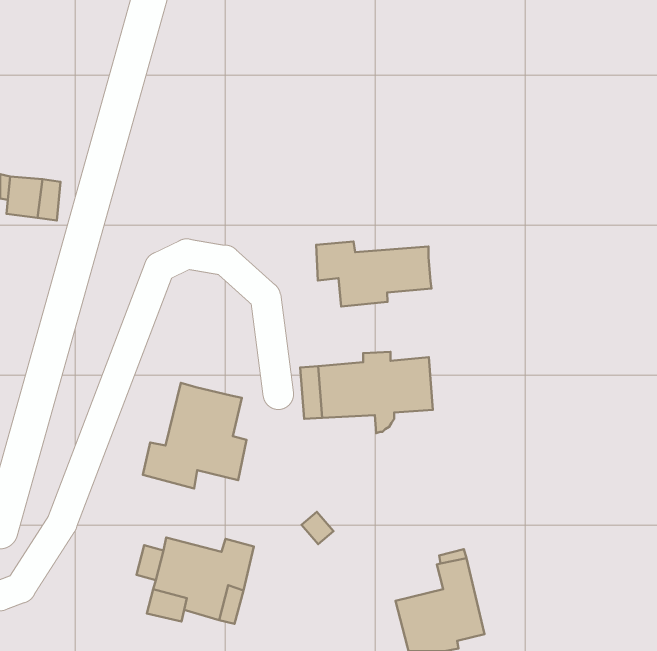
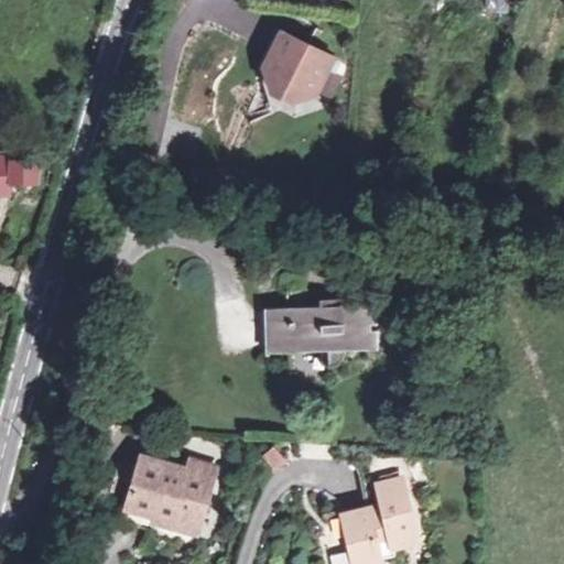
building: none -> [262,31,332,97]
building: [316,242,432,306] -> none
building: [143,383,246,488] -> none

